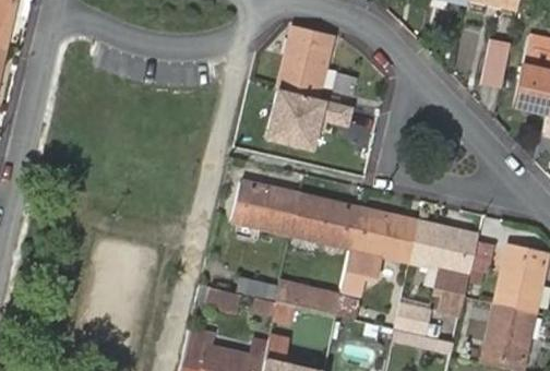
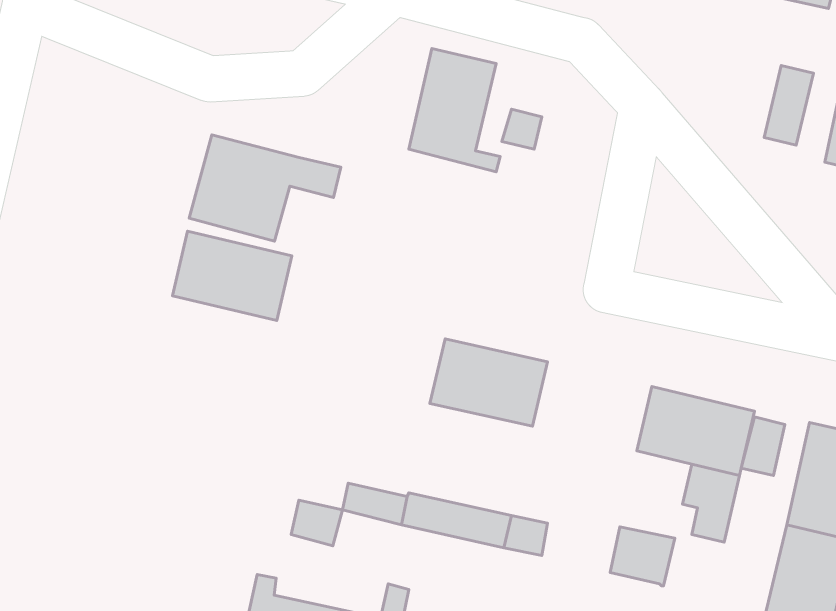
building: [265,87,352,148] -> [189,135,341,241]
building: [230,182,299,234] -> [172,231,292,320]
building: [338,210,418,295] -> none

